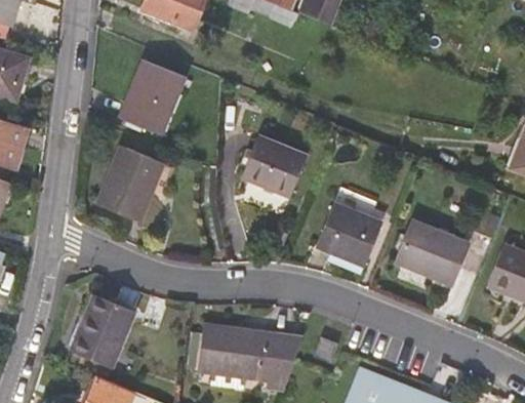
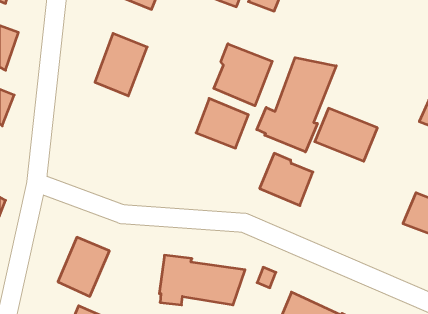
building: none -> [214,44,272,106]
building: none -> [257,58,336,152]
building: [98,145,163,219] -> none
building: [395,217,470,281] -> [315,108,377,161]

